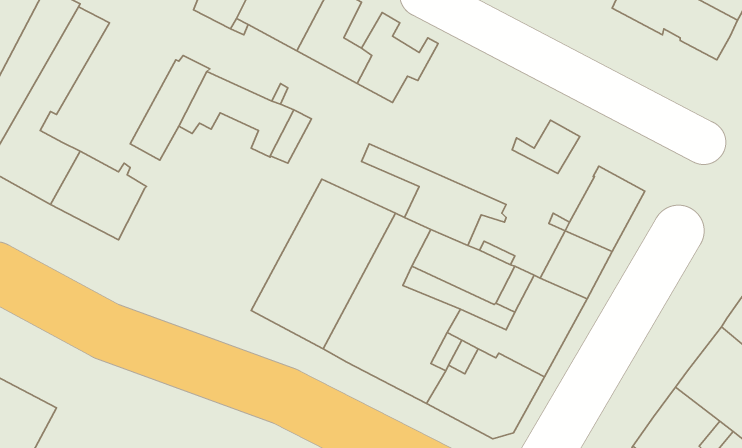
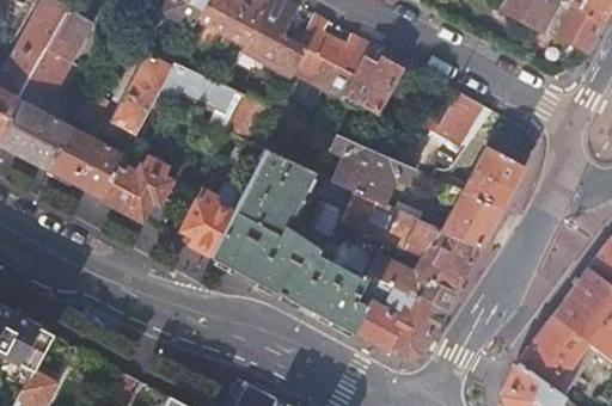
building: none -> [324,39,404,112]
building: none -> [102,156,177,230]
building: none -> [182,189,233,256]

